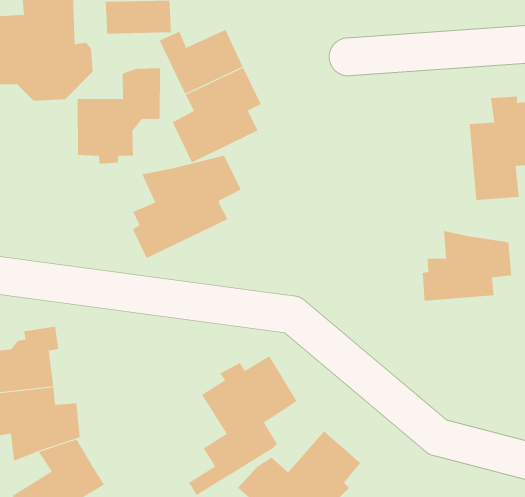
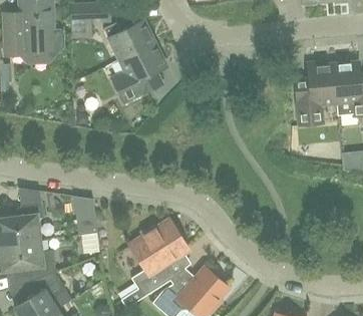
building: [77,67,160,165] -> none
building: [132,155,242,259] -> none
building: [422,230,512,302] -> none
building: none -> [76,209,98,249]

